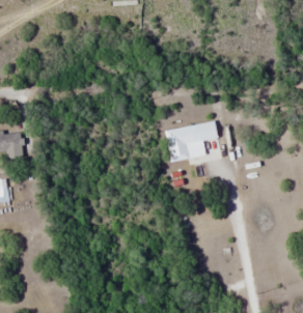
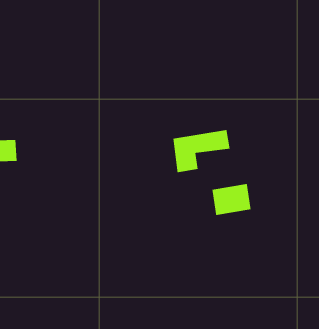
building: none -> [212,183,251,216]

